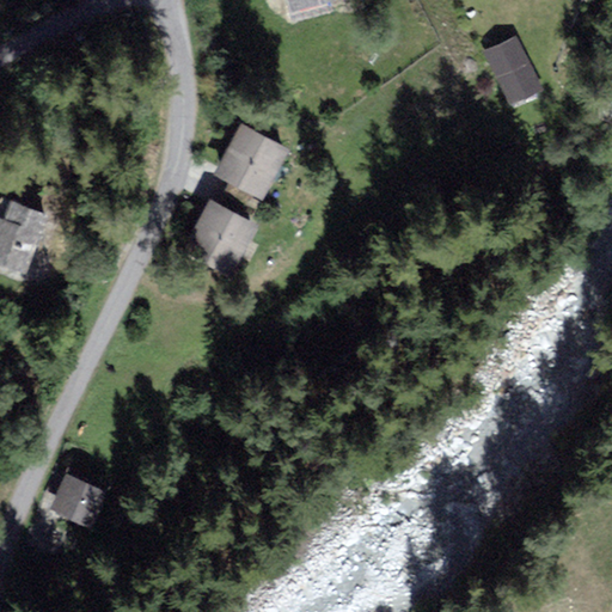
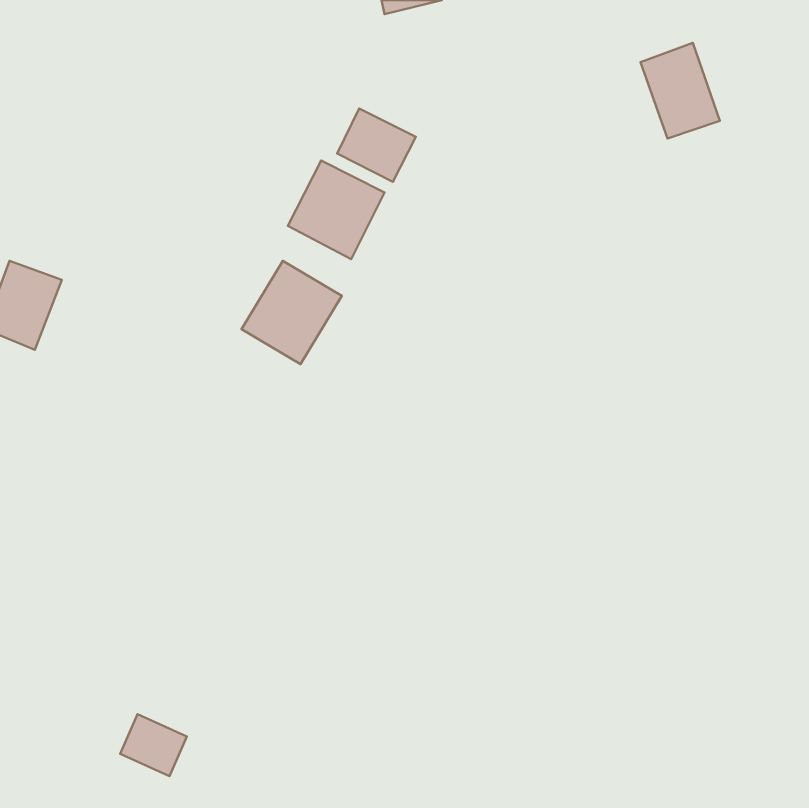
building: none -> [337,108,416,182]
building: [56,476,106,522] -> [120,714,187,776]

